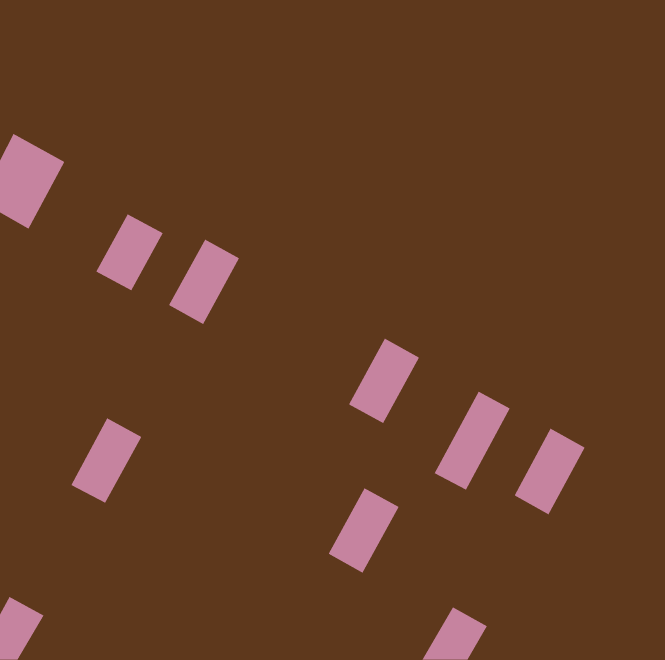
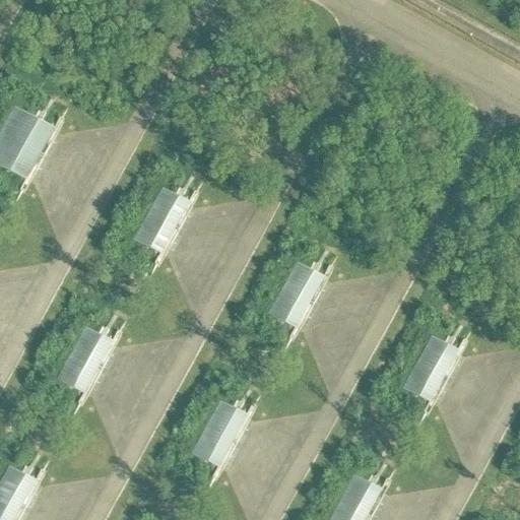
building: [95,213,163,291] -> none
building: [434,391,511,490] -> none
building: [328,487,399,574] -> [195,402,251,469]

